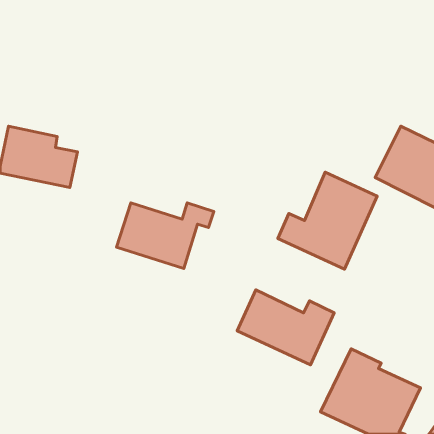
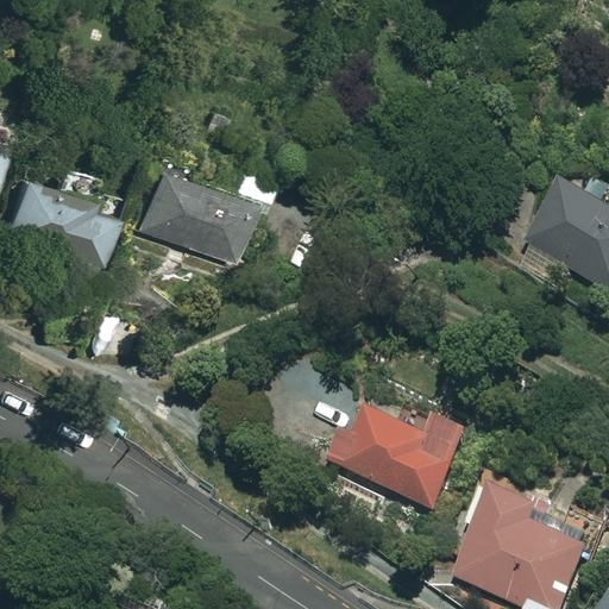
building: [278,172,377,269] -> none
building: [116,203,214,269] -> [134,165,270,257]

